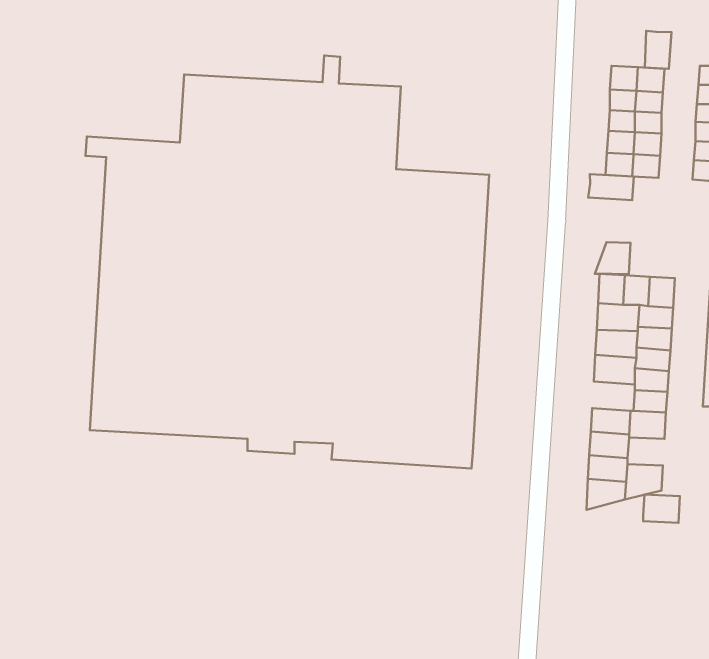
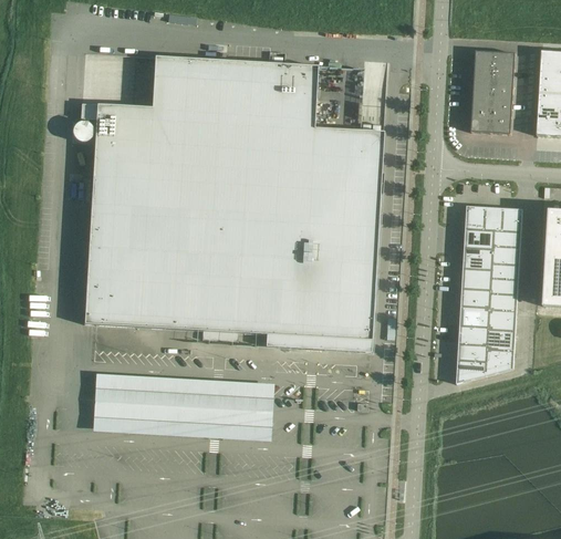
building: [645,31,672,69] -> none
building: [588,174,634,200] -> none
building: [595,242,630,274] -> none
building: none -> [460,287,492,309]
building: [643,495,680,523] -> [487,329,515,350]
building: none -> [91,373,272,439]

